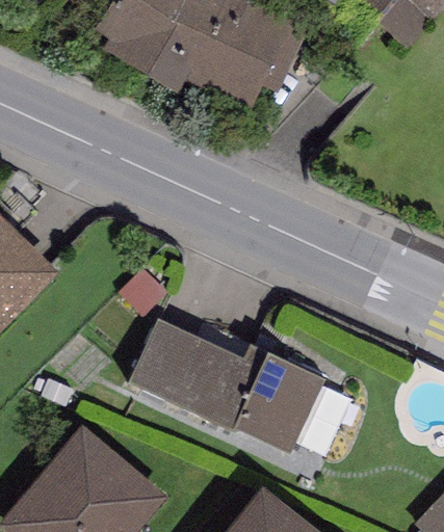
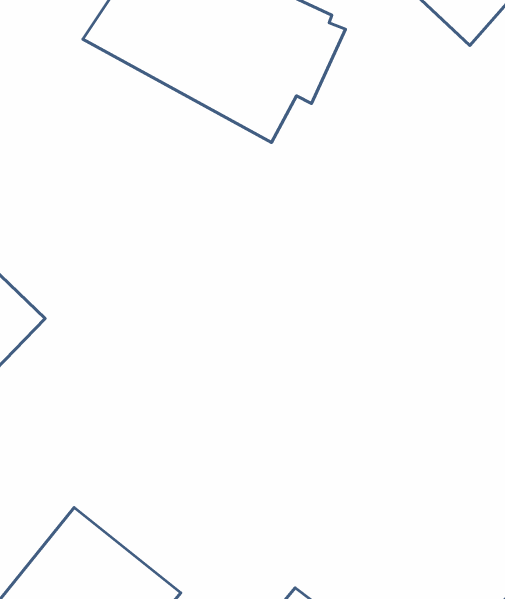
building: [128,322,323,452] -> none

